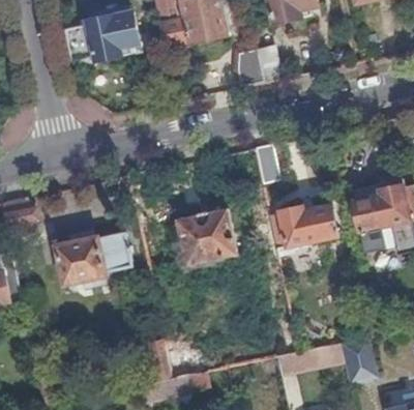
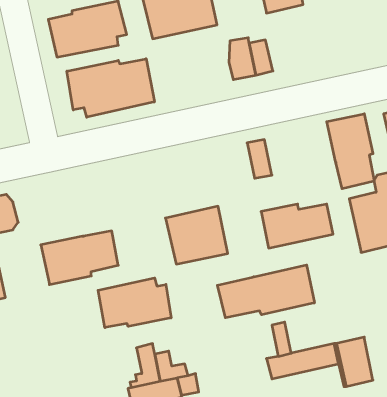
building: none -> [67,59,154,117]
building: none -> [327,114,374,189]
building: none -> [217,265,314,318]
building: none -> [98,278,171,328]

